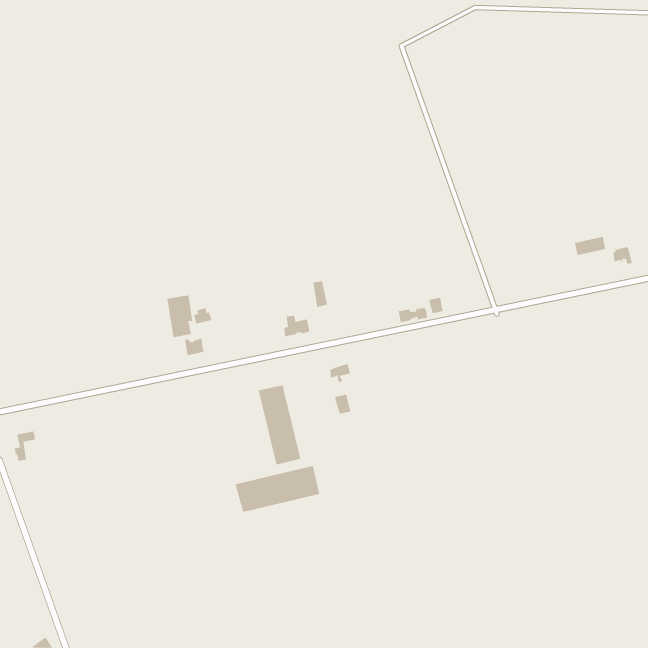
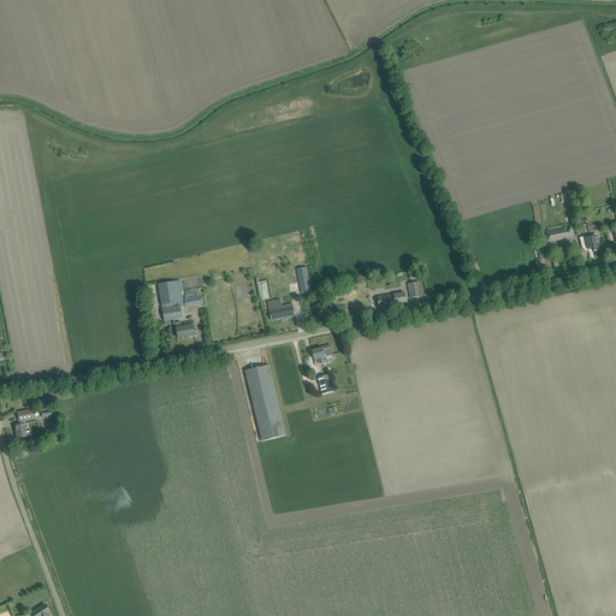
building: [235,465,320,513] -> none

